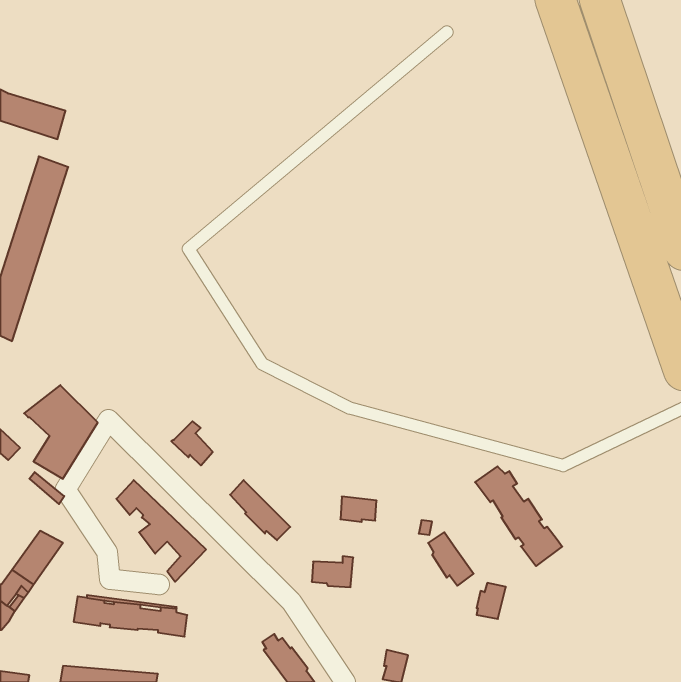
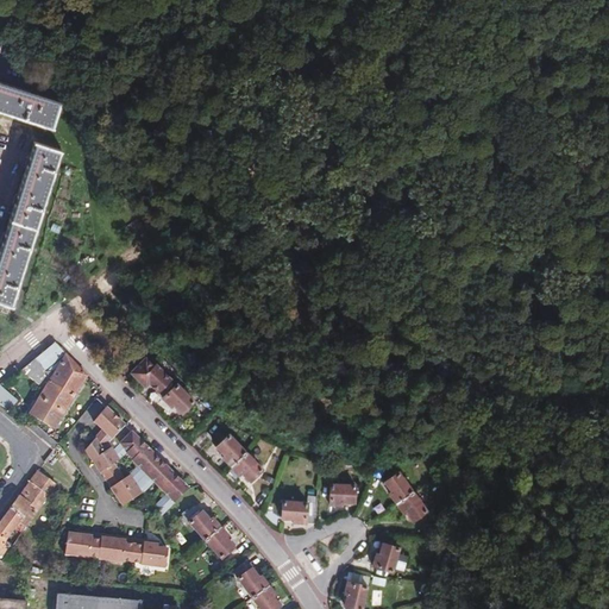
building: none -> [130,352,174,391]
building: none -> [80,409,140,507]
building: [475,466,562,566] -> none
building: [340,497,377,522] -> [321,482,353,504]
building: none -> [178,504,233,558]
building: [477,583,506,619] -> [370,544,396,576]

